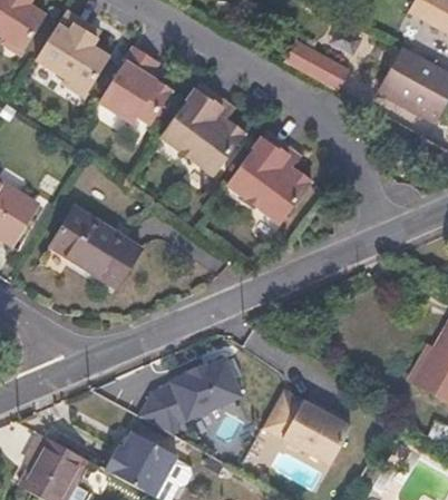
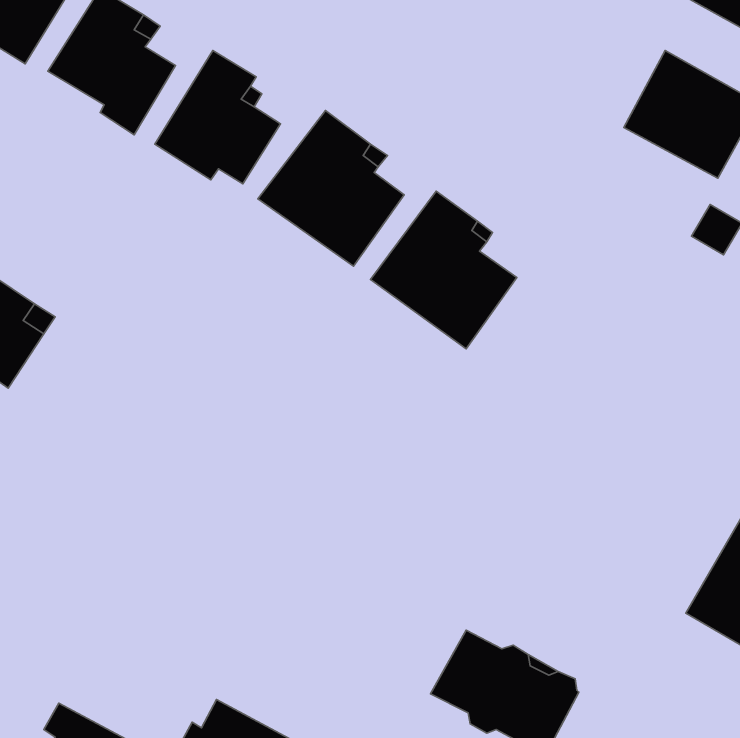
building: [282,39,342,86] -> none
building: [51,207,142,287] -> none
building: [138,359,242,435] -> none

